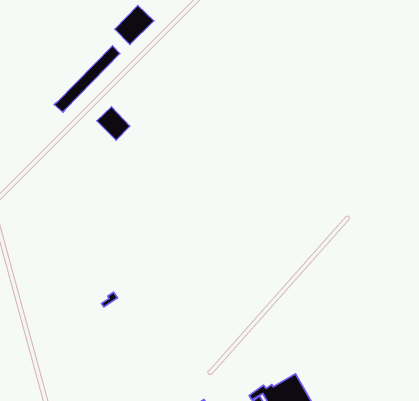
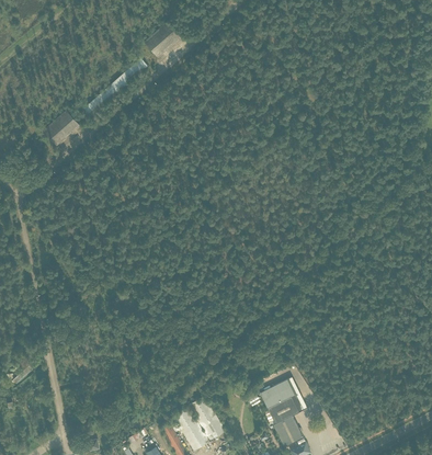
building: none -> [43,111,79,147]
building: [97,107,130,140] -> none

